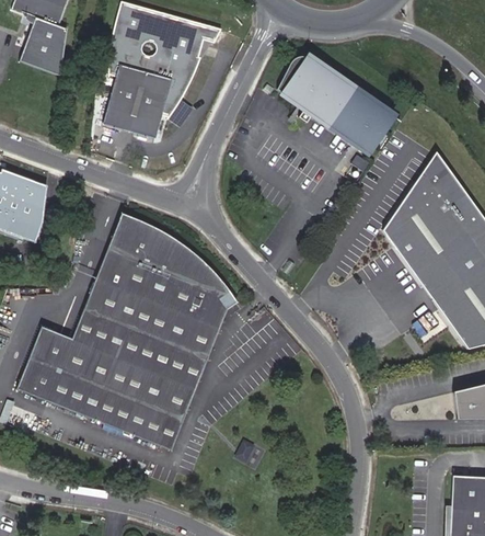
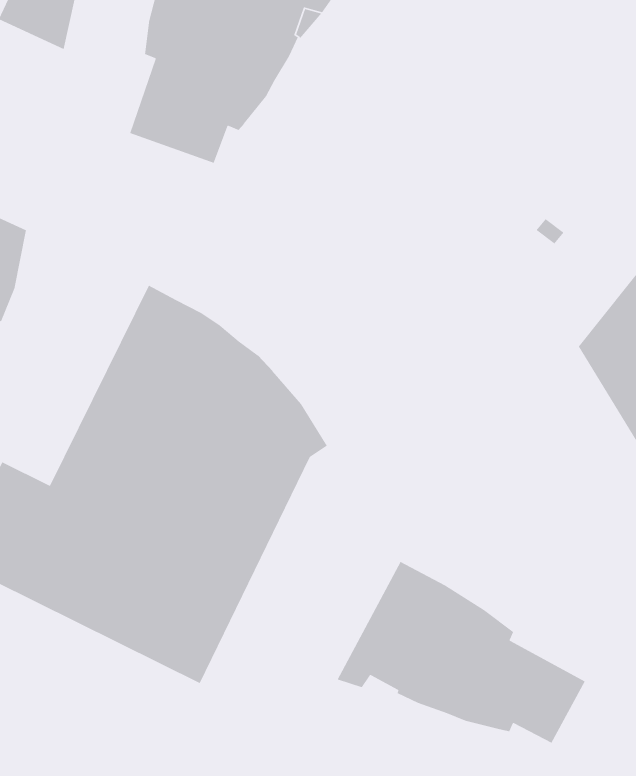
building: [277,56,392,151] -> none
building: none -> [336,561,586,744]

